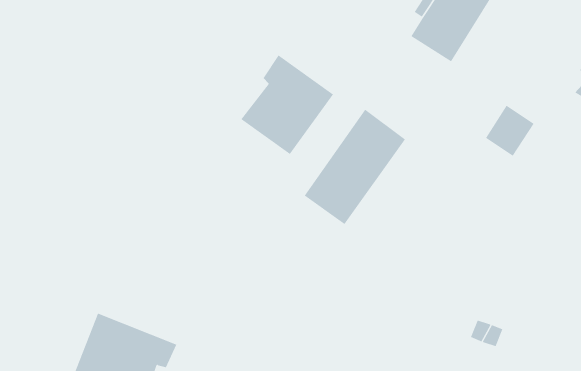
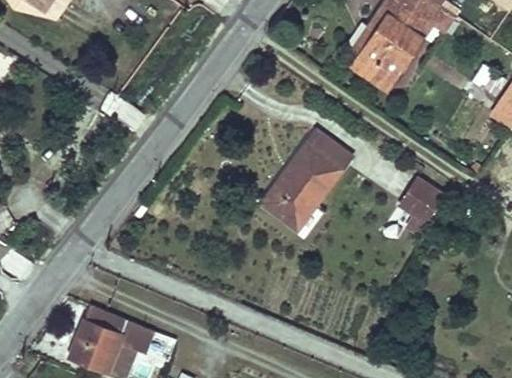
building: [241,55,334,155] -> none
building: [485,105,534,156] -> [401,179,443,223]

